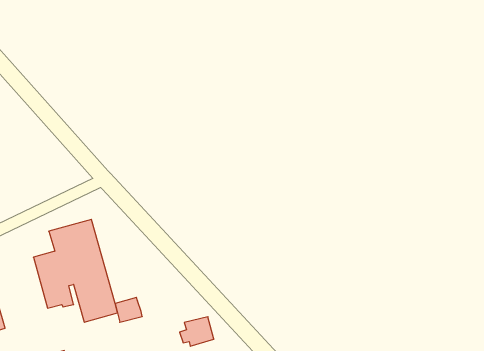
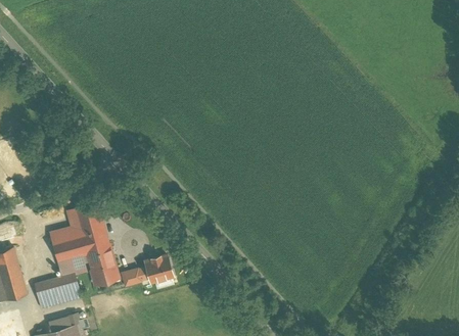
building: none -> [33,274,81,308]
building: [180,317,214,346] -> [140,257,170,283]

